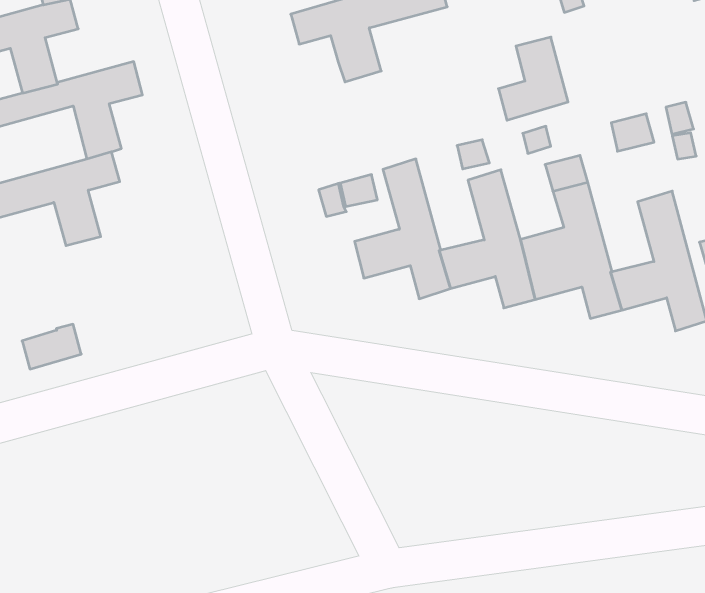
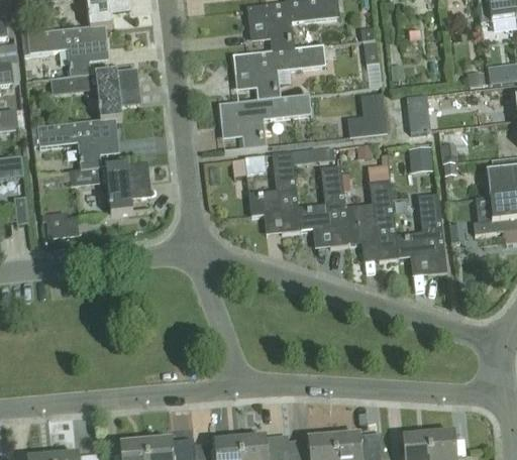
building: none -> [407,95,429,131]
building: none -> [218,93,311,148]
building: none -> [69,160,149,213]

